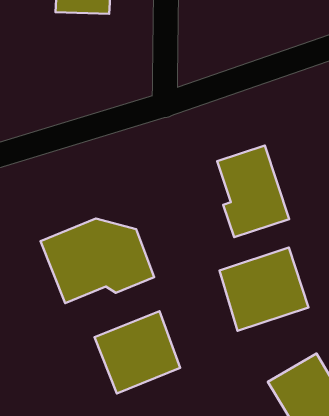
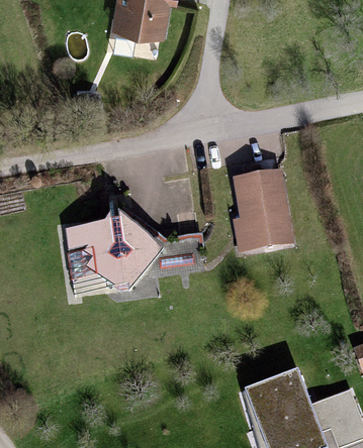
building: [219,247,309,331] -> none
building: [95,311,180,393] -> none

